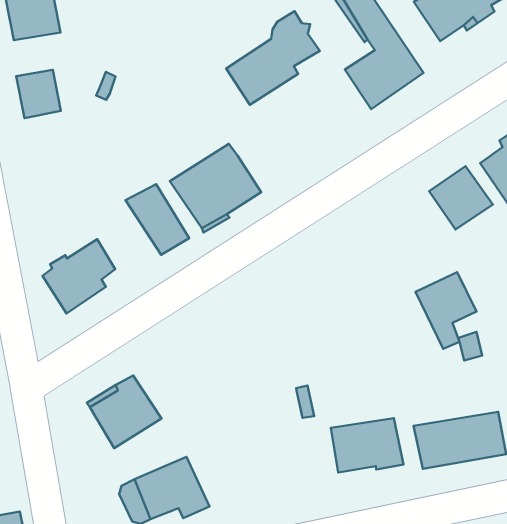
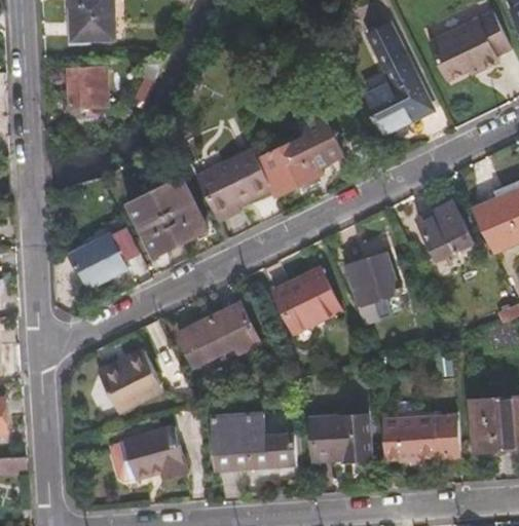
building: [226,11,320,105] -> [257,123,341,200]
building: none -> [127,191,178,255]
building: none -> [273,270,342,334]
building: [415,272,476,349] -> [348,255,400,321]
building: none -> [180,302,262,365]
building: none -> [211,408,293,464]

